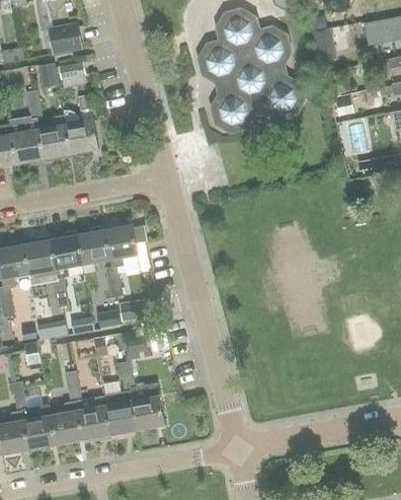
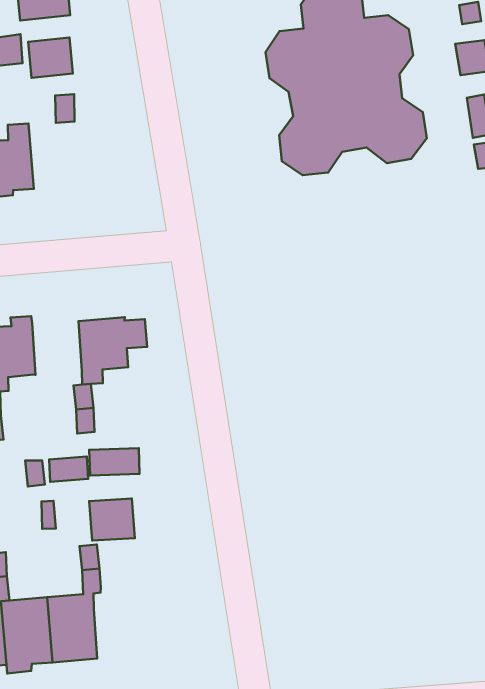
building: [62,111,97,154] -> none
building: [77,226,109,274] -> none
building: [130,383,164,430] -> none

